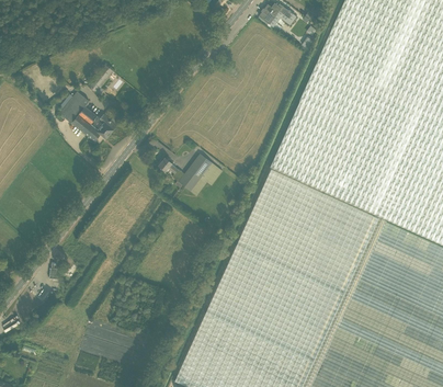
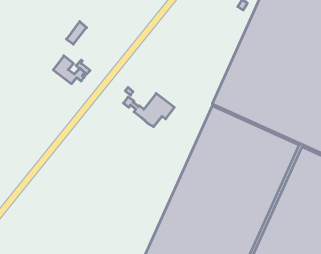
building: [59,92,90,125] -> none

